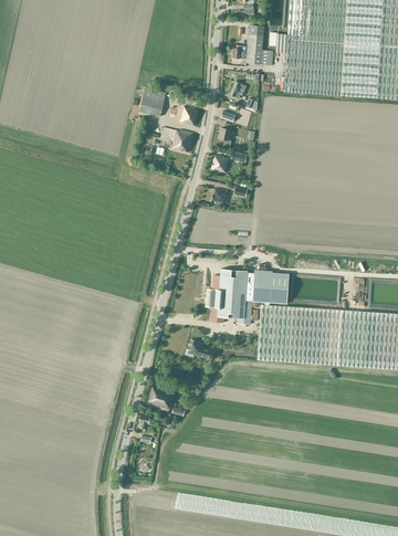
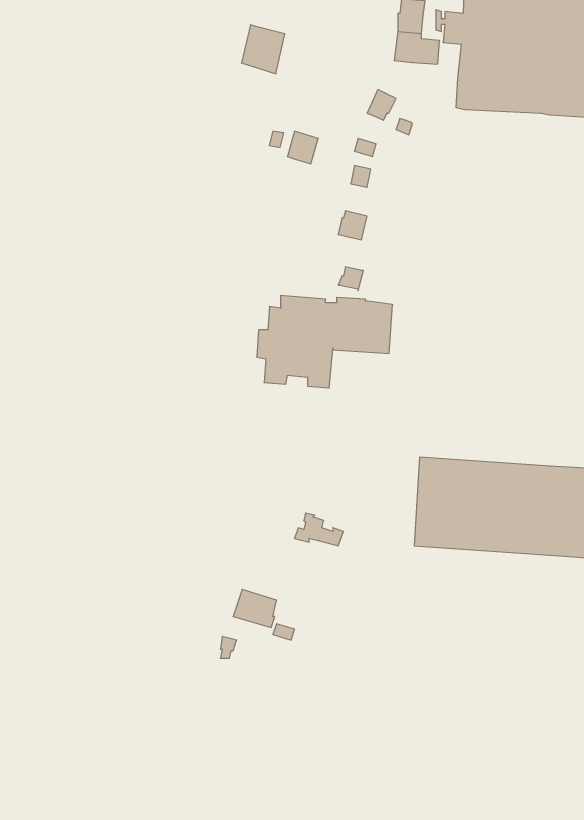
building: [139,87,166,117] -> [241,25,285,74]
building: [160,127,192,153] -> none
building: [206,269,289,325] -> [257,296,393,388]

